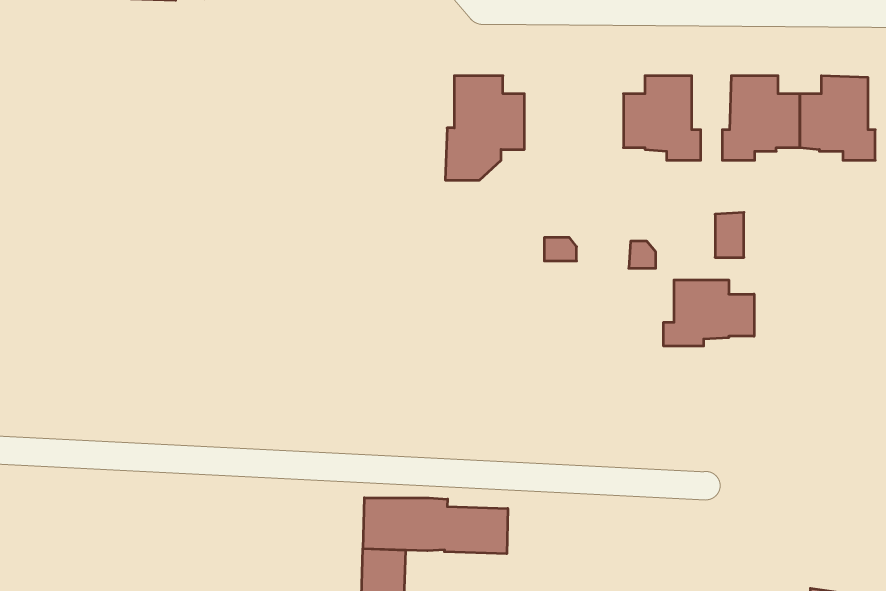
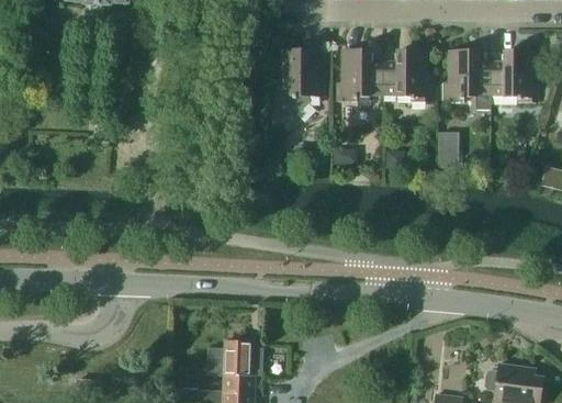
building: none -> [337,49,384,100]
building: [664,280,754,346] -> none
building: [363,498,508,554] -> none

